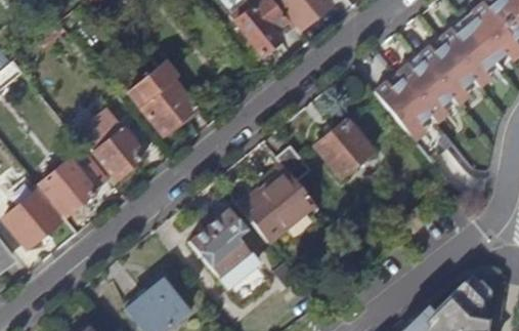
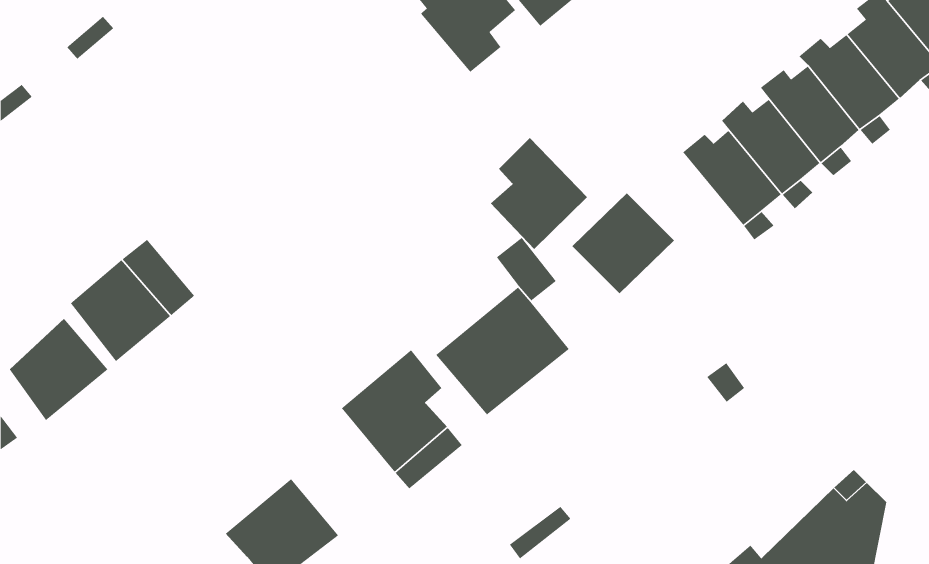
building: [137,64,196,134] -> none
building: none -> [490,137,588,250]
building: [79,109,144,178] -> none

